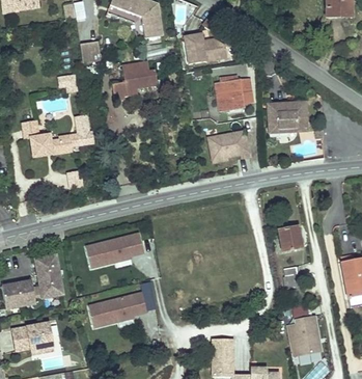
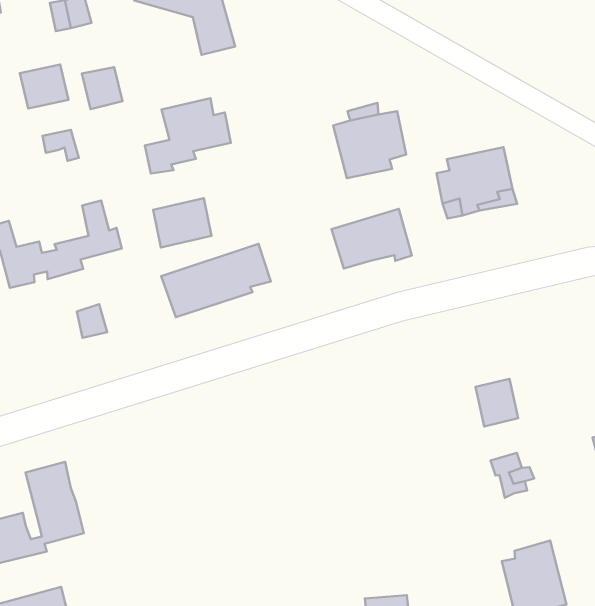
building: [185,32,228,63] -> none
building: none -> [20,65,68,109]
building: none -> [153,198,212,248]
building: [83,233,142,269] -> [161,244,271,317]
building: [88,293,143,327] -> none

